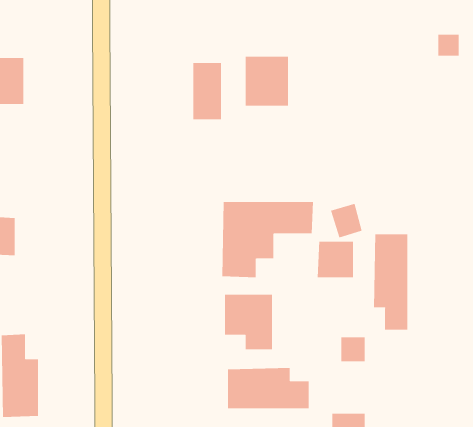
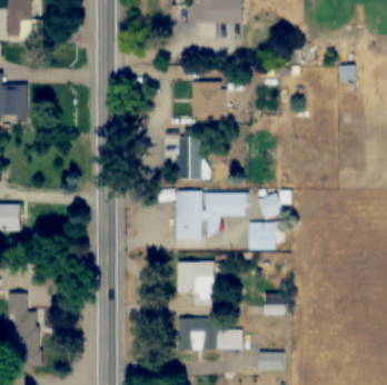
building: [192,62,222,120] -> [179,136,201,179]
building: [374,234,408,331] -> none

